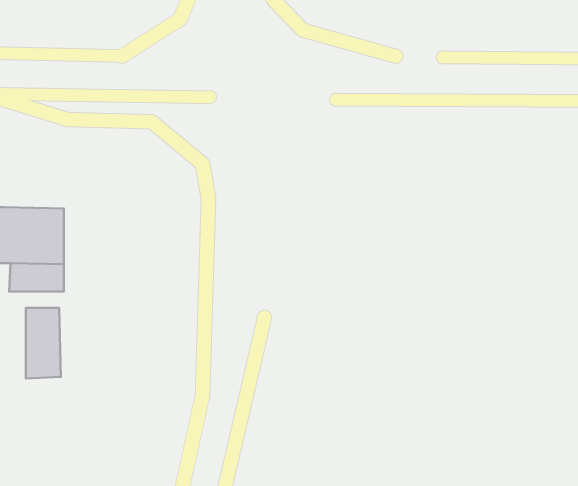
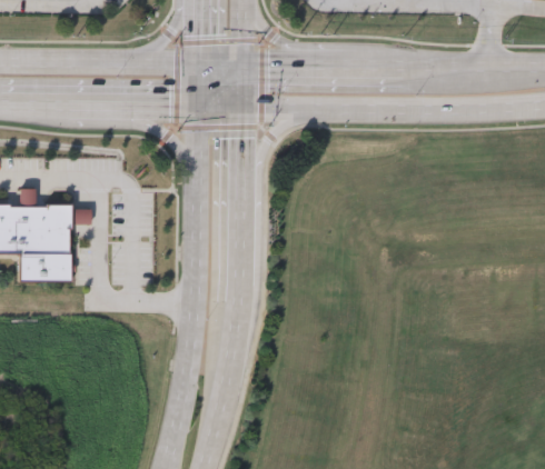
building: [26,308,61,379] -> none

